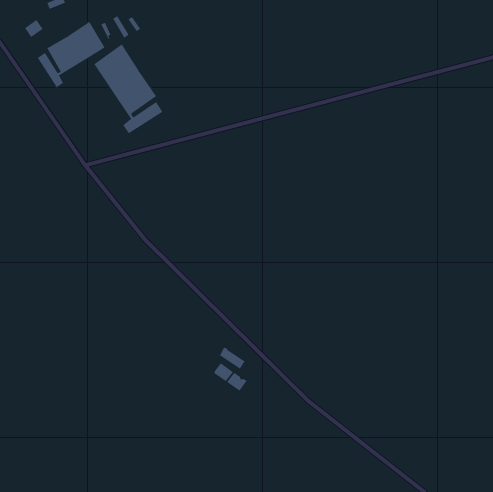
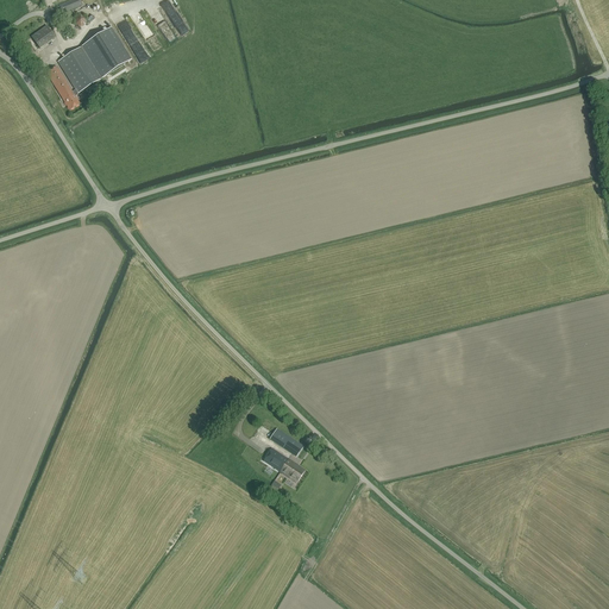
building: [93,44,163,134] -> none

